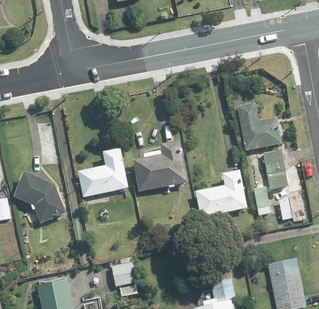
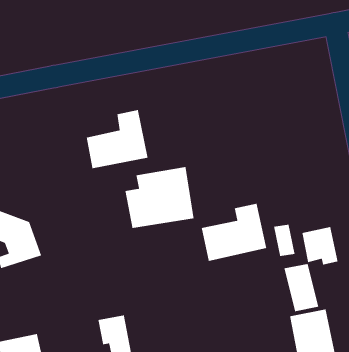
building: [237,103,282,150] -> none
building: [78,149,129,198] -> [86,109,148,169]
building: [263,149,292,189] -> [284,263,319,312]

